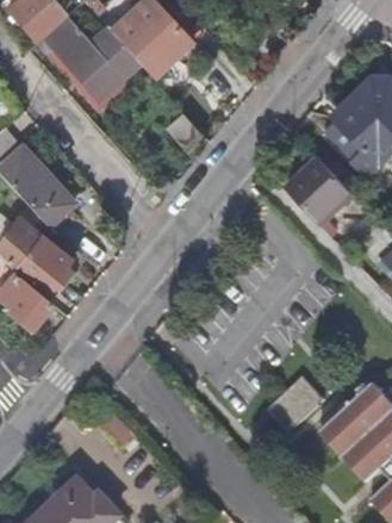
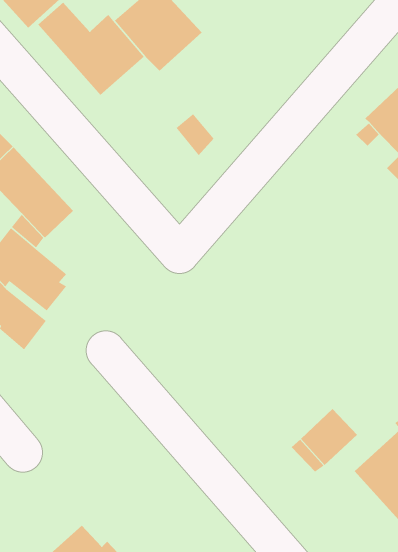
building: [291,158,356,224] -> none

